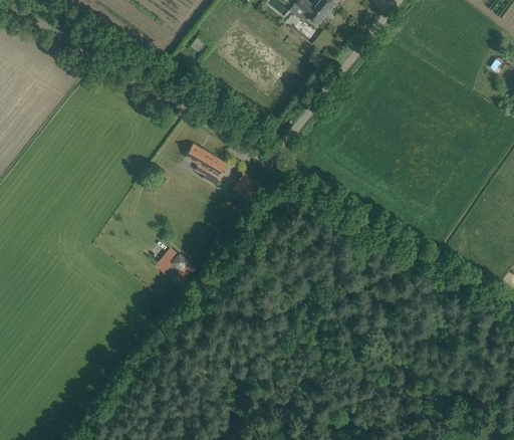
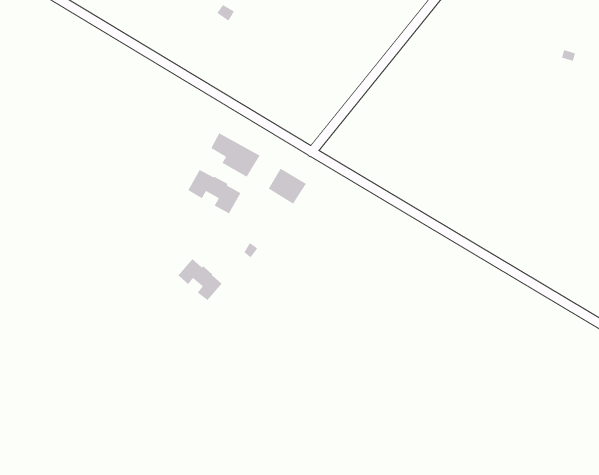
building: none -> [188,169,241,214]

